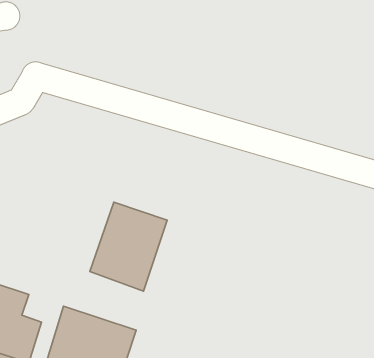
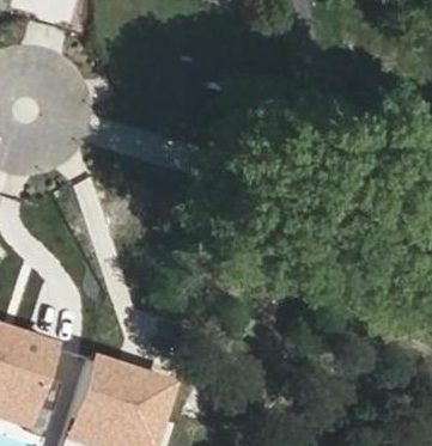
building: [90,202,167,291] -> none

